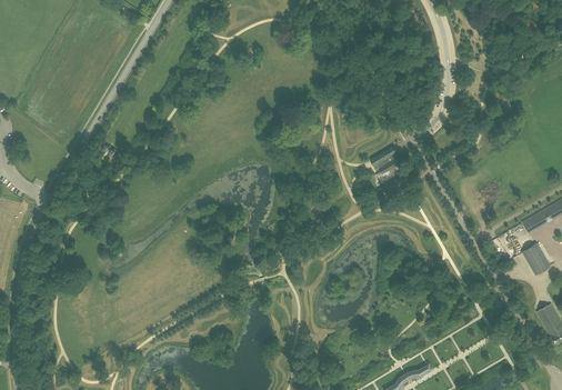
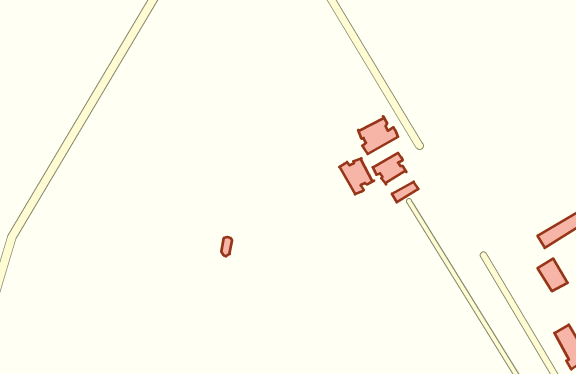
building: none -> [358,116,398,154]
building: none -> [339,158,374,194]

